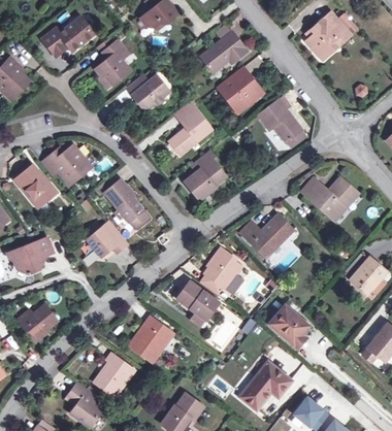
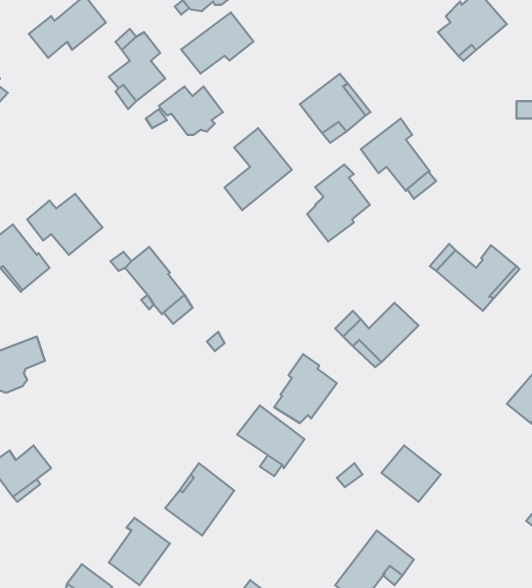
building: [199,32,246,71] -> [181,13,253,73]
building: [185,151,225,200] -> [307,165,370,242]
building: [87,221,127,256] -> none

